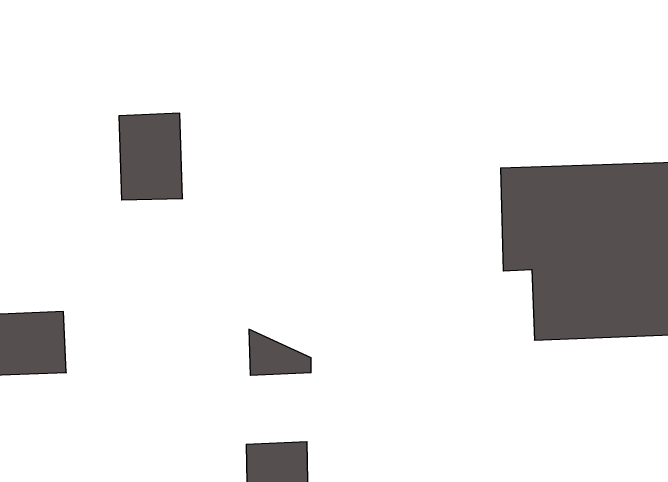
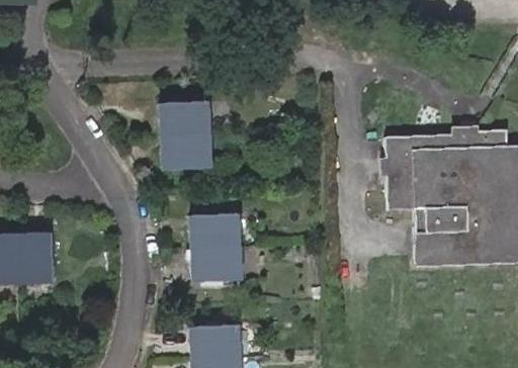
building: [119,113,183,200] -> [160,111,207,176]
building: none -> [194,218,243,271]

